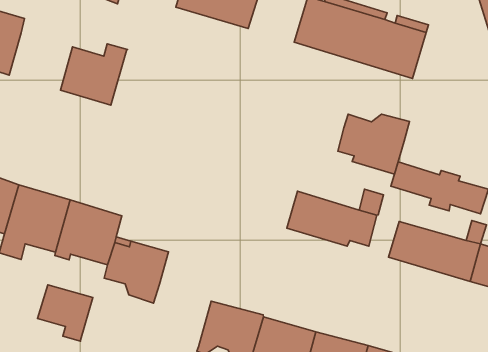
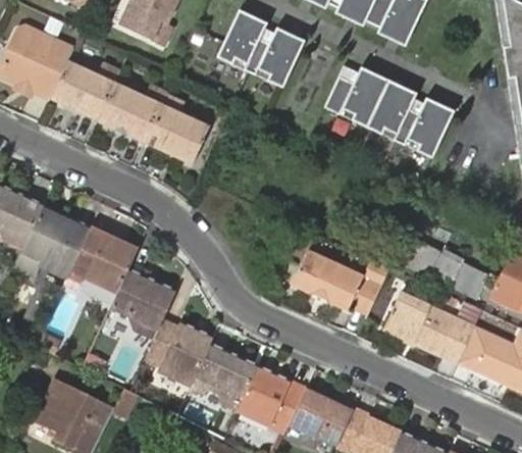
building: none -> [49,61,117,121]
building: none -> [142,93,209,165]
building: [338,114,410,174] -> none
building: none -> [146,320,213,386]
building: [37,285,93,341] -> none

